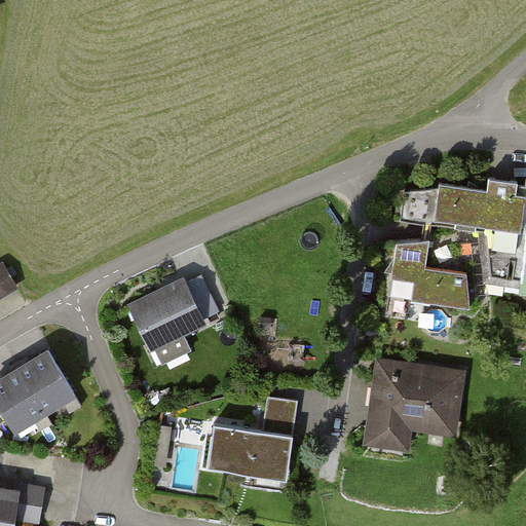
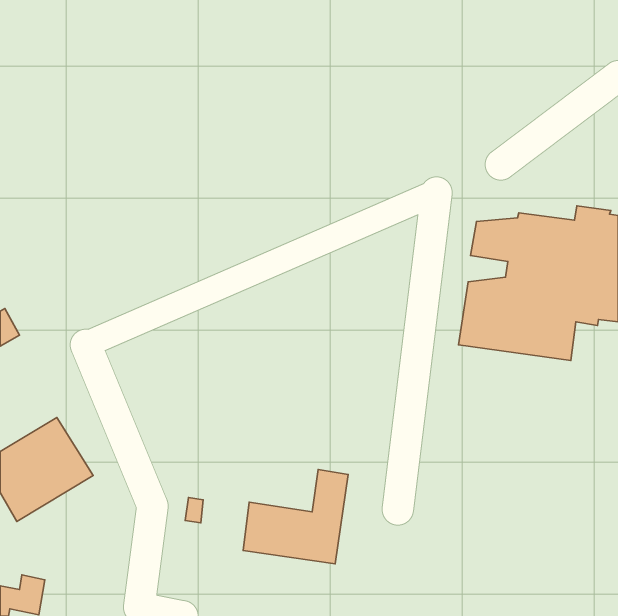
building: [125,274,221,366] -> none
building: [363,359,462,450] -> none

